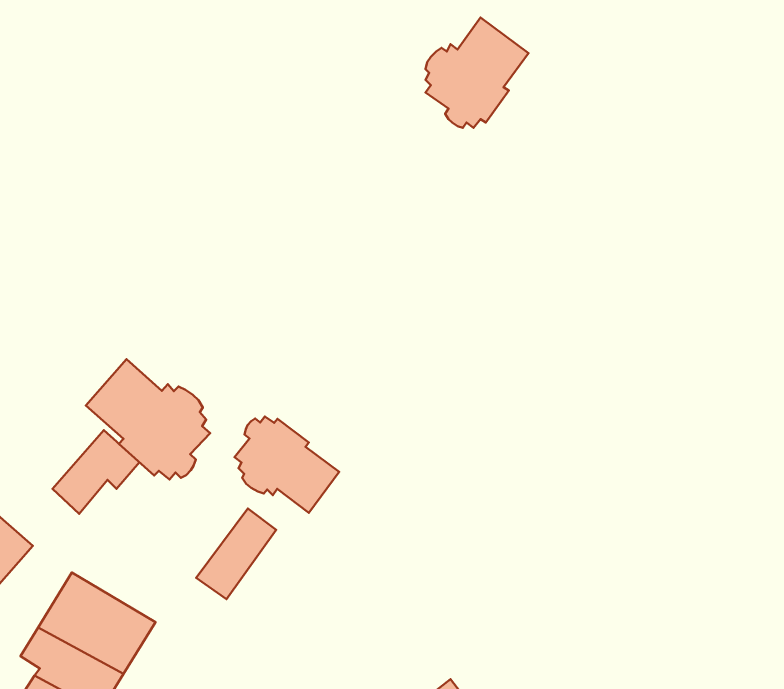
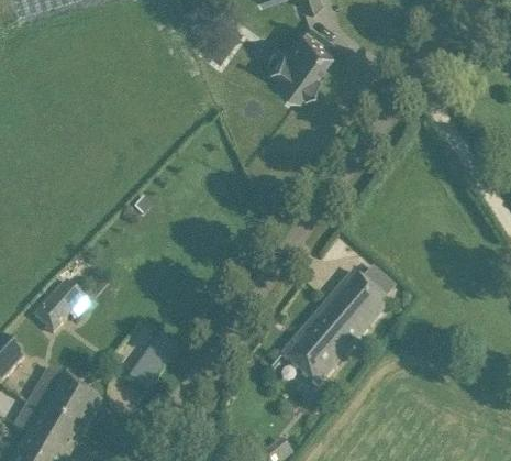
building: [86,359,210,479] -> none
building: none -> [280,267,388,382]
building: [234,416,339,513] -> none

